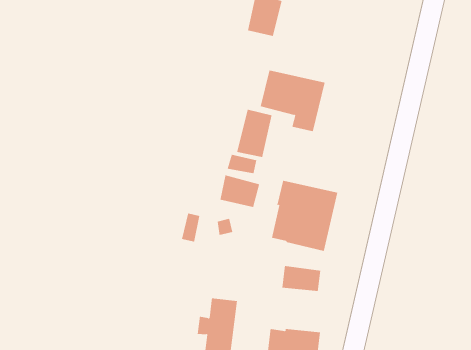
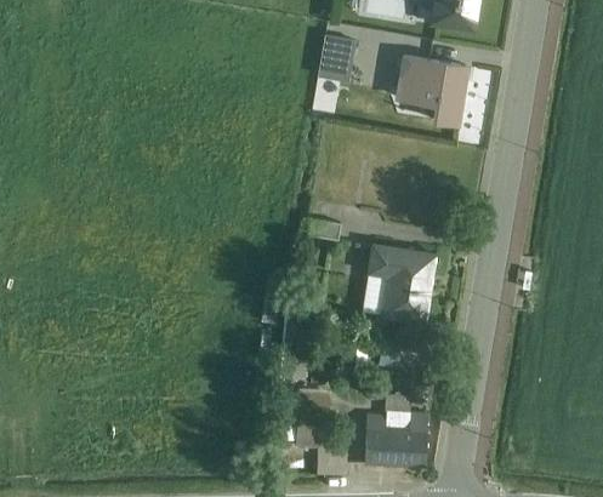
building: [260,70,326,132] -> [393,56,466,122]
building: [237,109,272,158] -> none
building: [220,175,260,208] -> none

